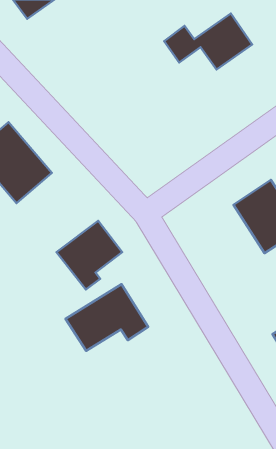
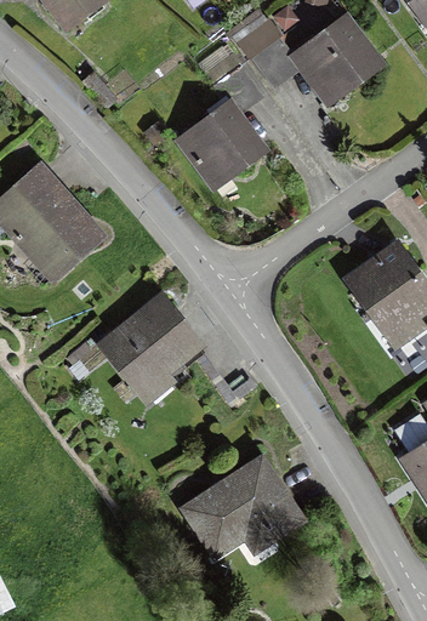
building: none -> [182,65,262,180]
building: [66,284,148,351] -> [184,465,297,556]

